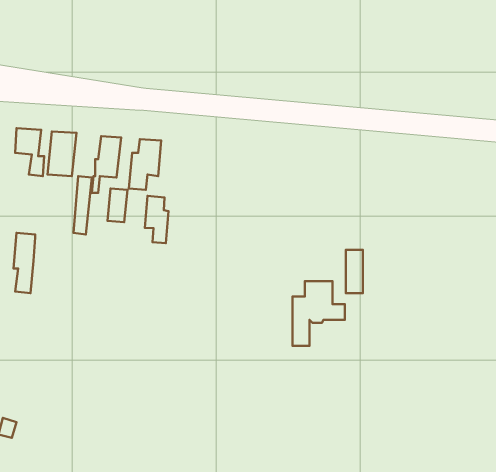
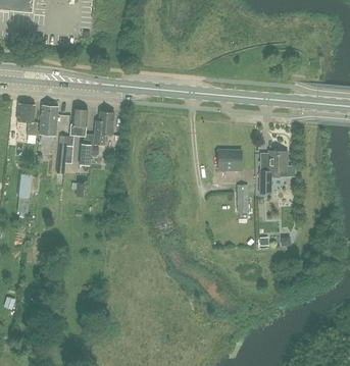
building: [145,196,169,243] -> none
building: none -> [218,150,242,170]
building: [293,281,345,346] -> [260,151,295,194]

